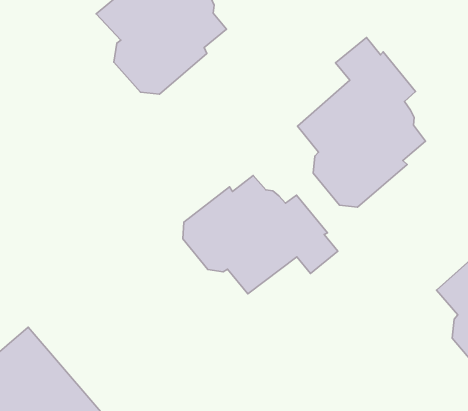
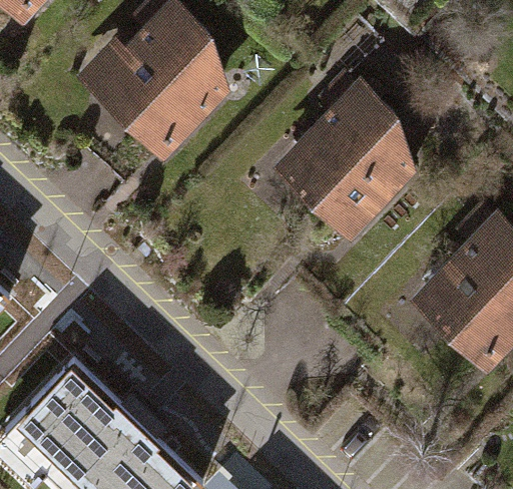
building: [183,175,338,294] -> none

